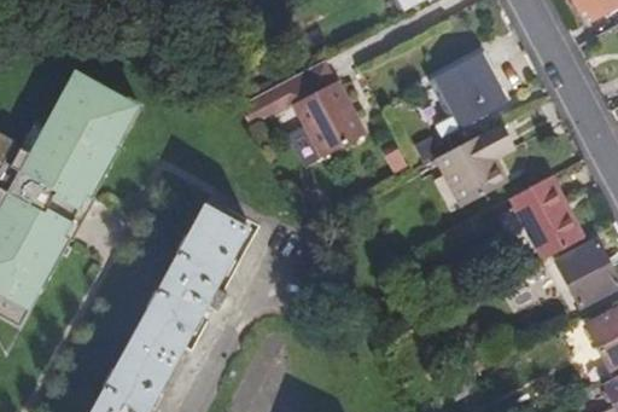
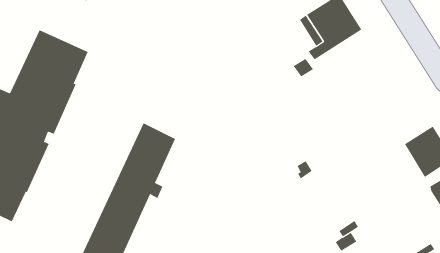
building: [239,59,366,158] -> none
building: [435,123,514,208] -> none
building: [509,175,582,259] -> none

